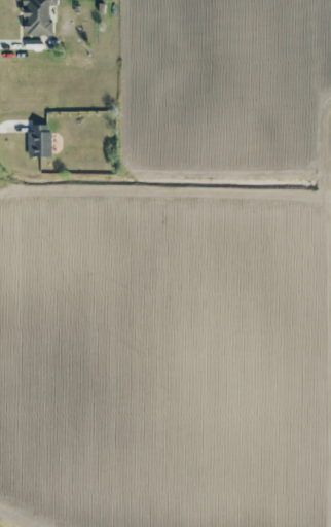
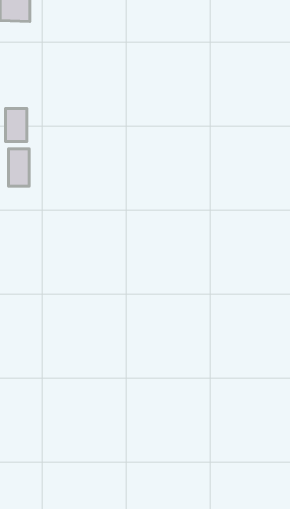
building: none -> [8,149,29,186]

